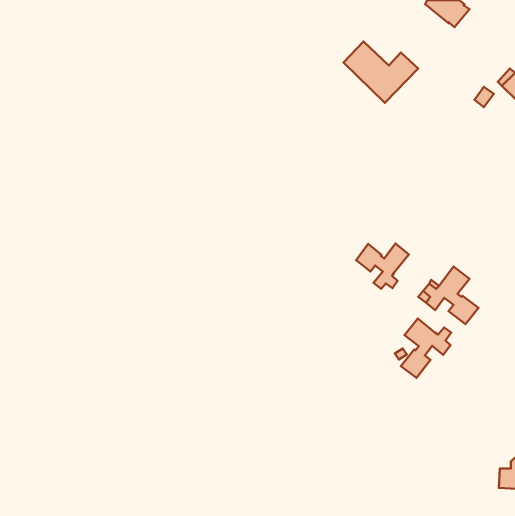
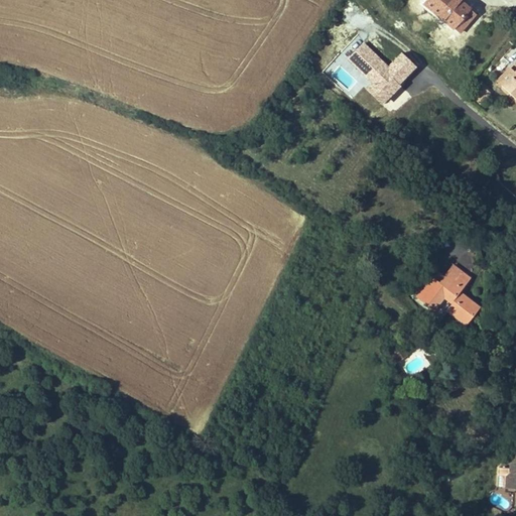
building: [356,244,409,289] -> none
building: [401,319,451,378] -> none

